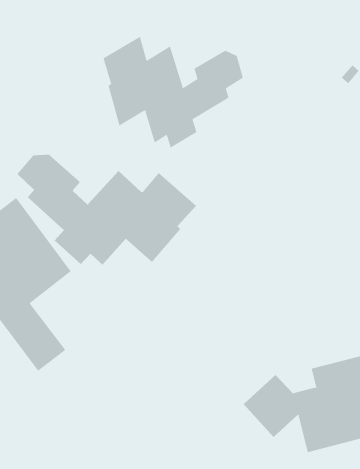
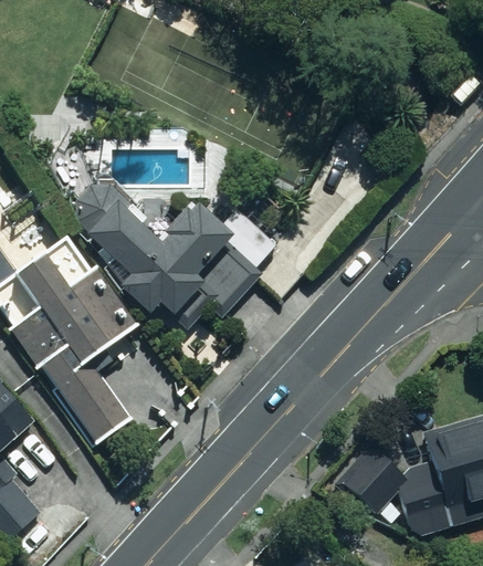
building: [103,36,243,149] -> none

